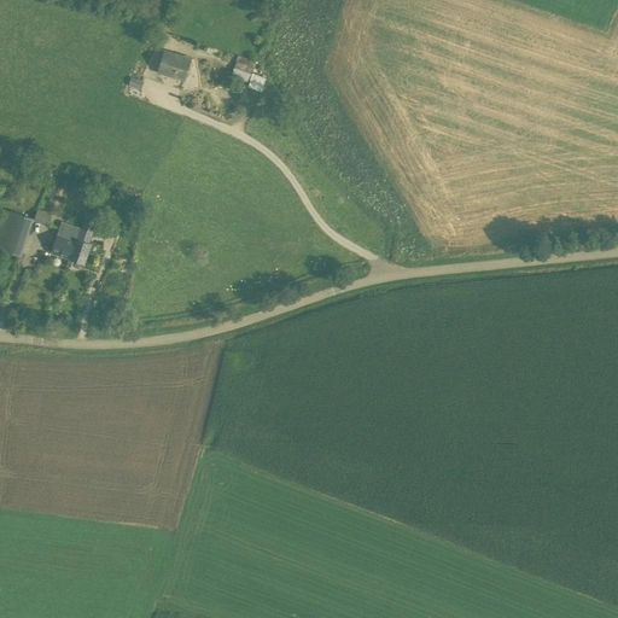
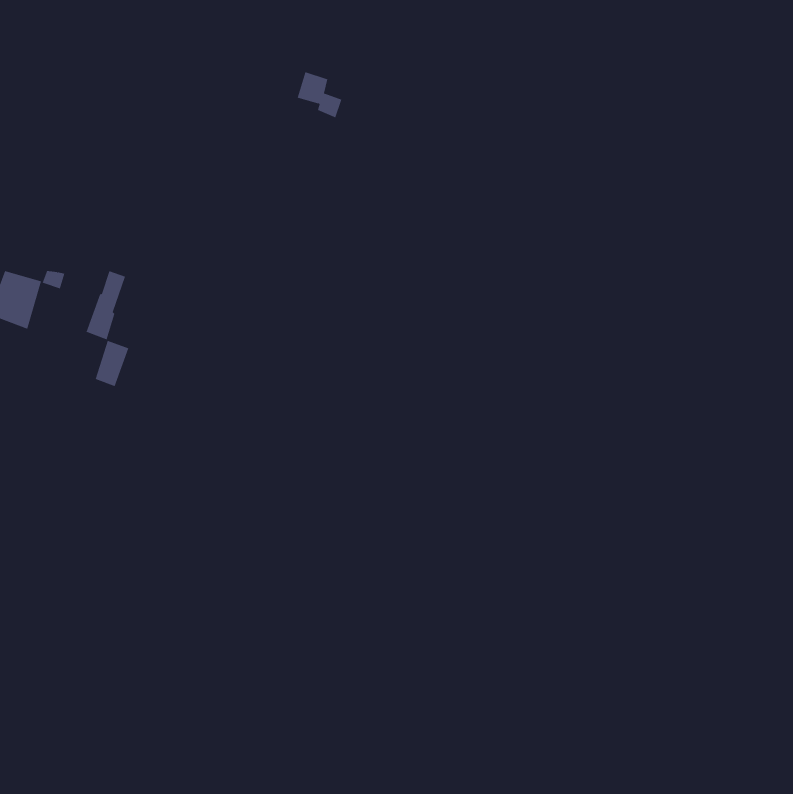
building: [157,51,190,80] -> none
building: [51,222,77,258] -> [95,340,129,387]

